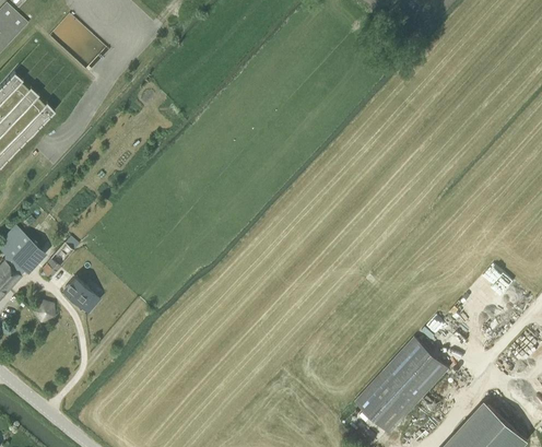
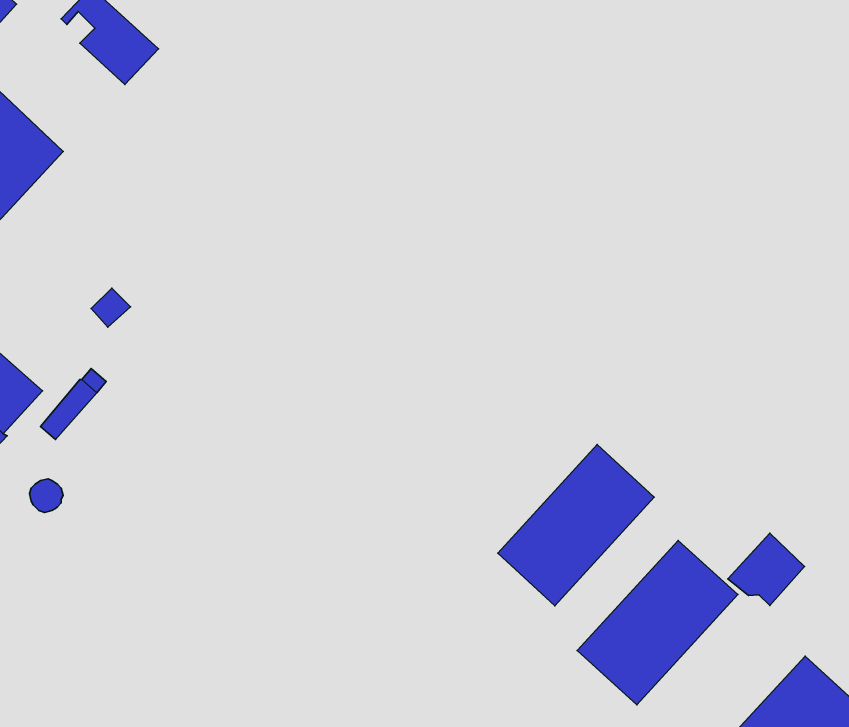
building: [63,277,94,308] -> none
building: none -> [498,445,654,606]
building: none -> [728,533,805,606]

